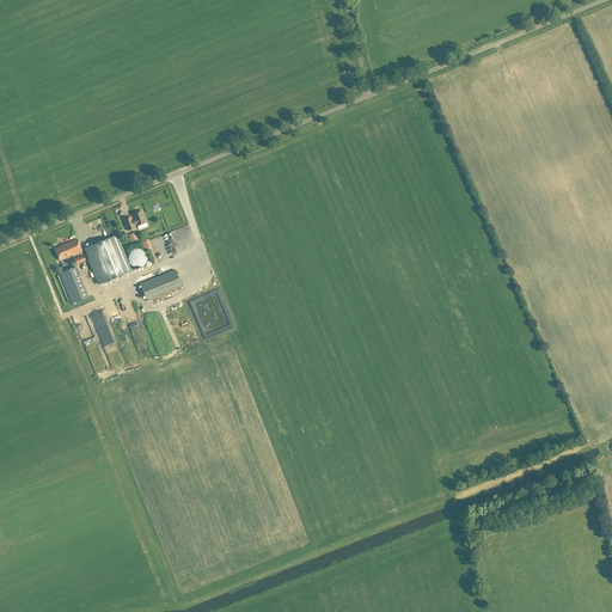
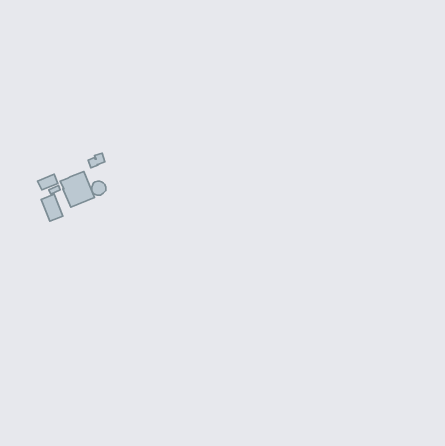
building: [137,269,179,300] -> none

